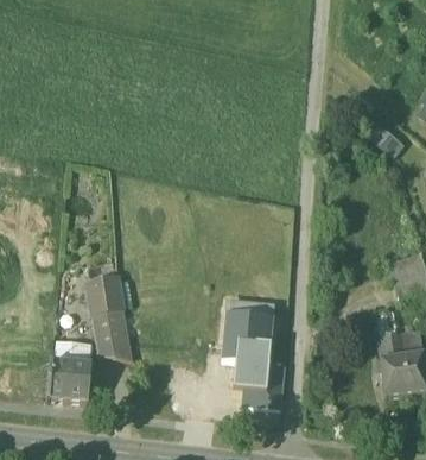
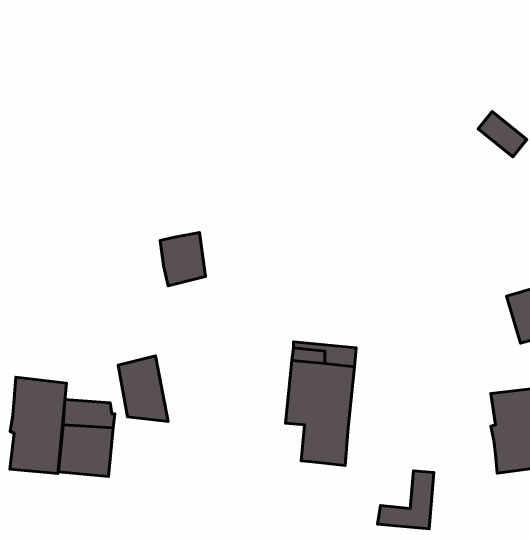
building: [89,276,123,316] -> [160,233,206,286]
building: none -> [10,377,66,473]
building: [242,364,285,408] -> [377,471,434,529]

